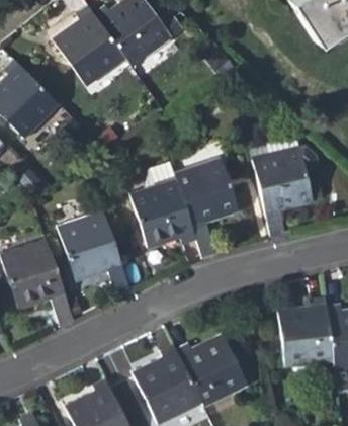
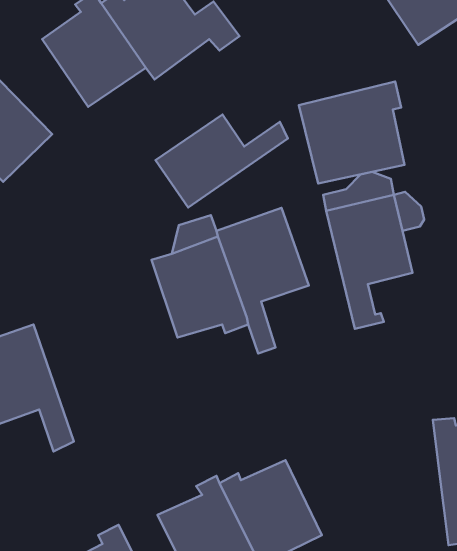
building: none -> [299,82,405,183]
building: none -> [156,114,288,207]
building: [57,210,132,300] -> none
building: [278,297,334,368] -> none

